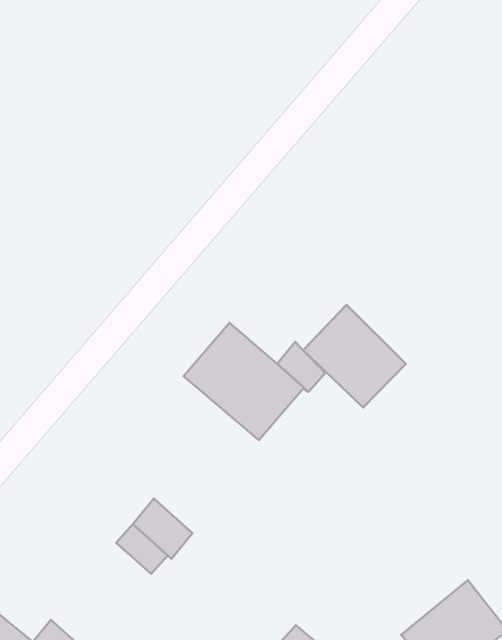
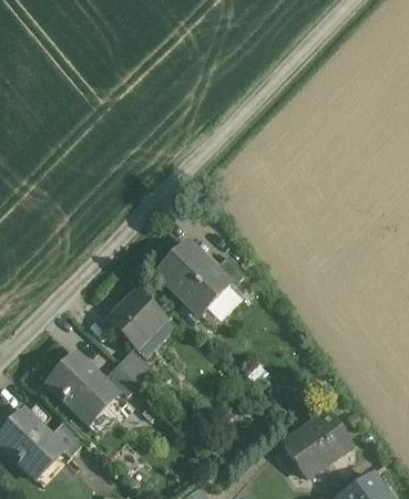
building: [303,305,406,407] -> none
building: none -> [109,291,164,346]
building: none -> [47,353,115,420]

